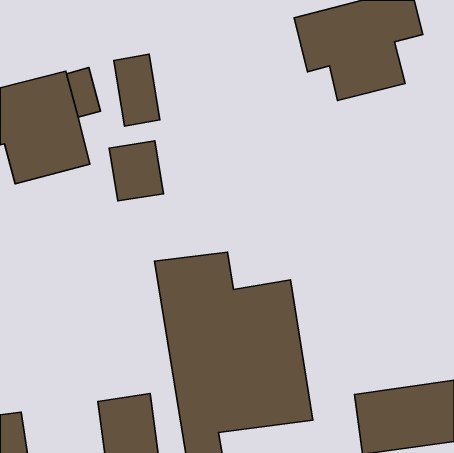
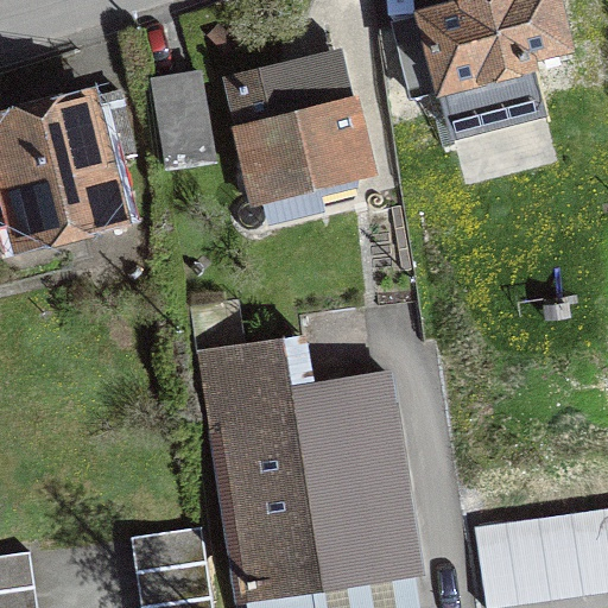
building: none -> [234,61,362,195]
building: [109,141,163,201] -> none

